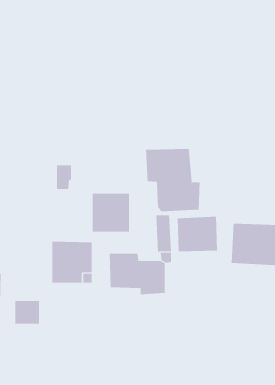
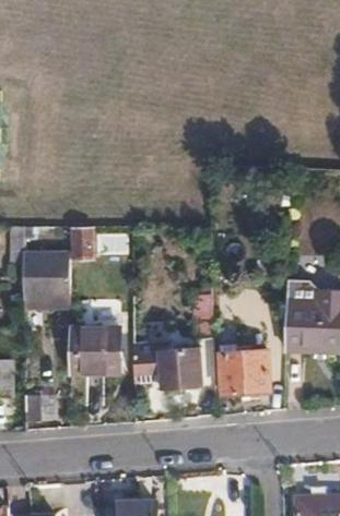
building: [146,148,200,212] -> none
building: [92,193,130,232] -> [24,254,70,301]
building: [177,216,218,252] -> [221,351,270,394]

